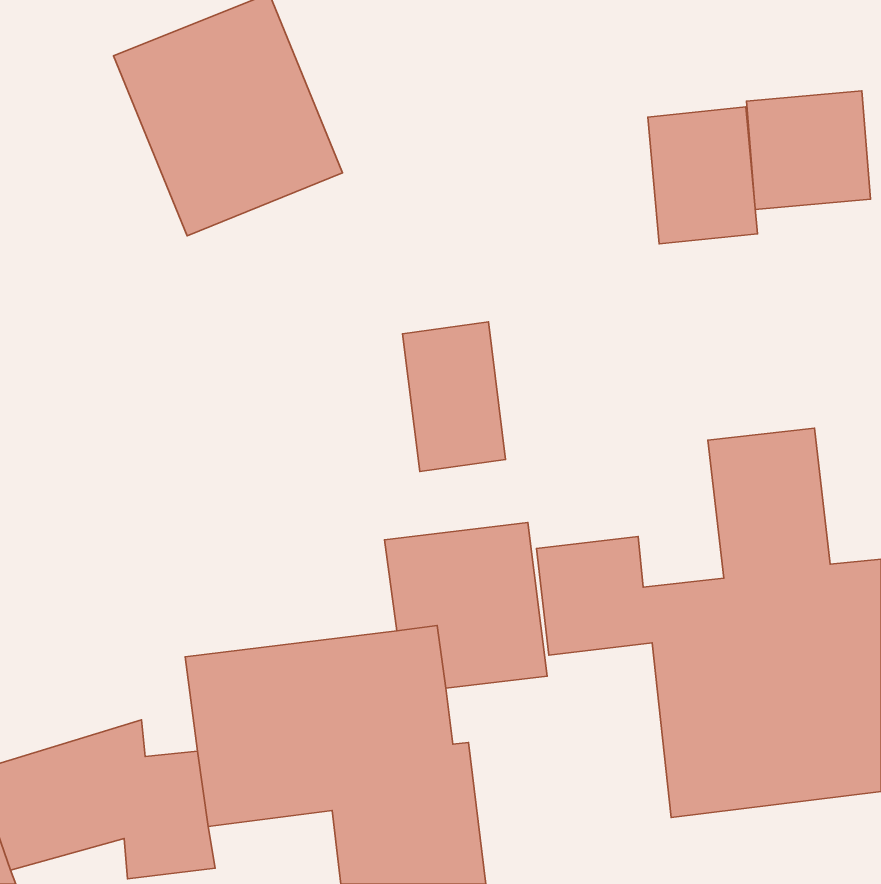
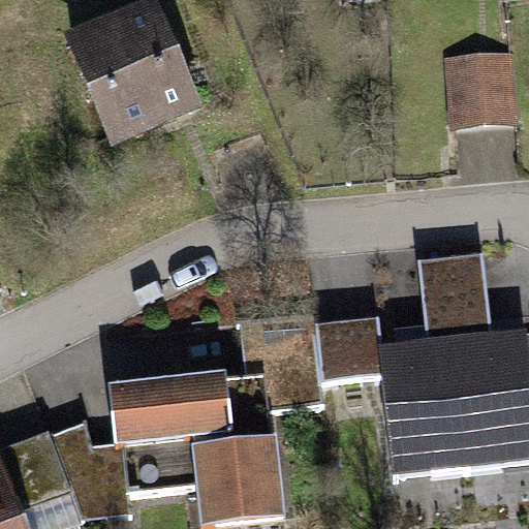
building: [648,107,757,244] -> none
building: [403,322,506,471] -> none

